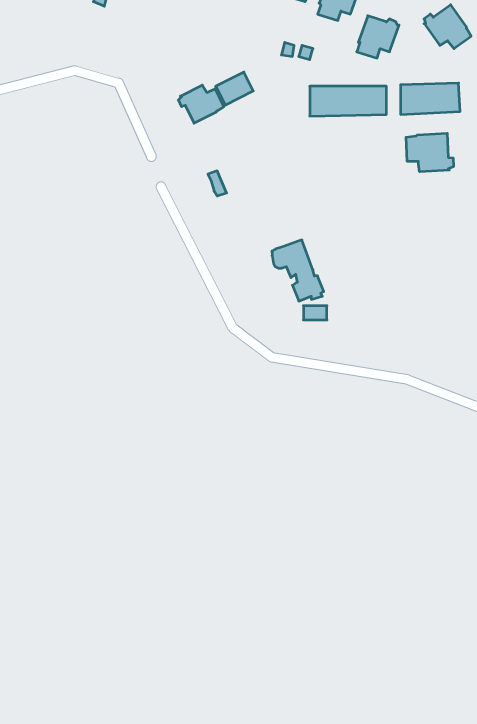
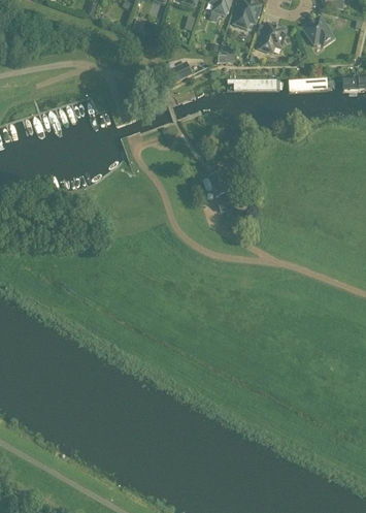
building: [178,85,224,123] -> none
building: [406,133,453,172] -> none

